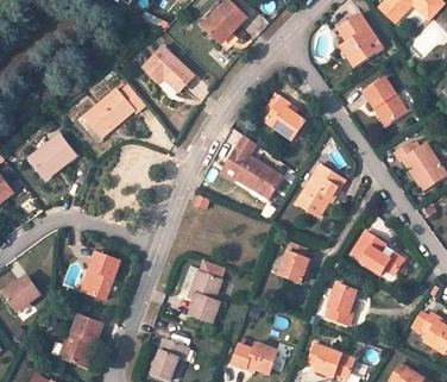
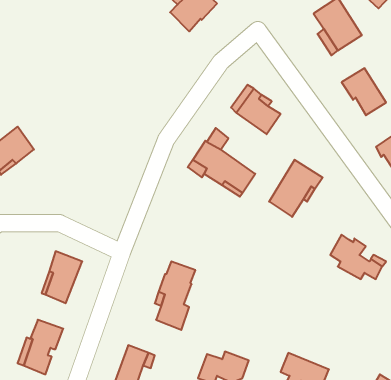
building: [144,46,194,92] -> none
building: [86,86,145,136] -> none
building: [278,242,311,282] -> none
building: [323,286,354,326] -> none

